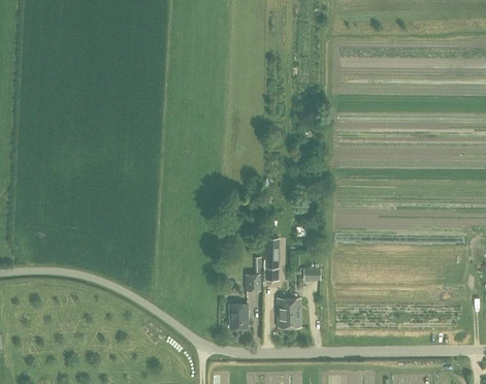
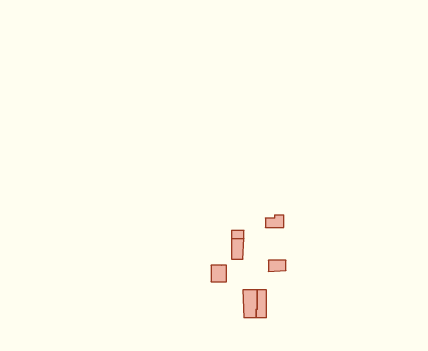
building: [228,302,247,326] -> none

